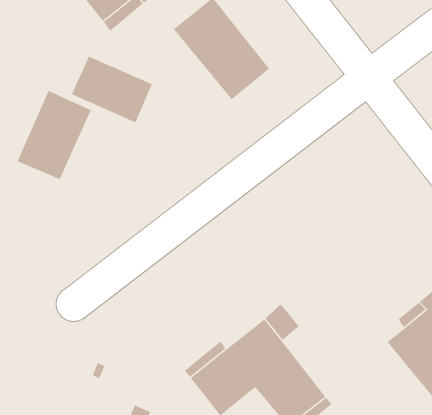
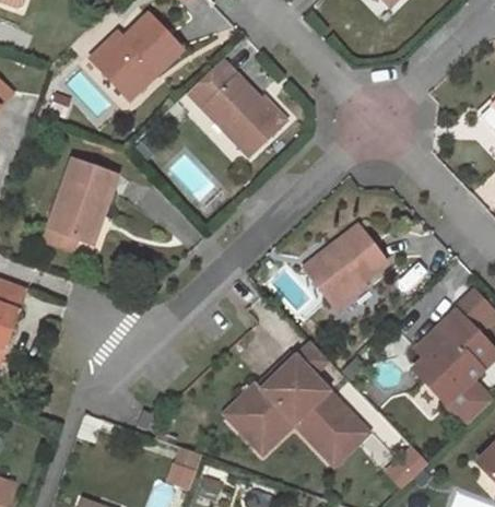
building: [71,56,153,124] -> none
building: none -> [304,226,386,304]

